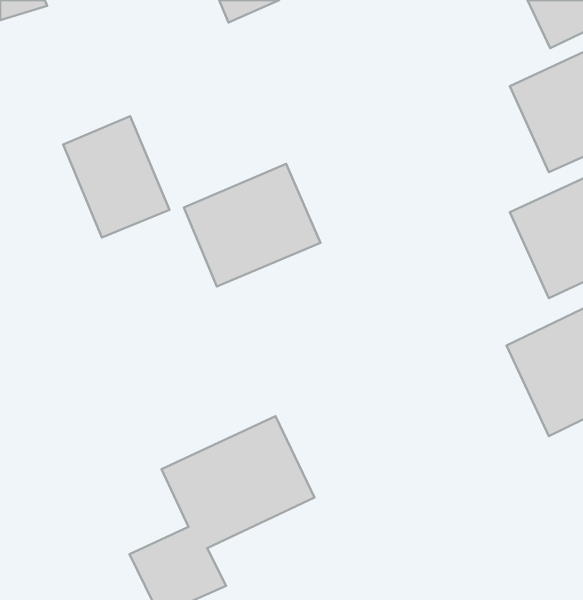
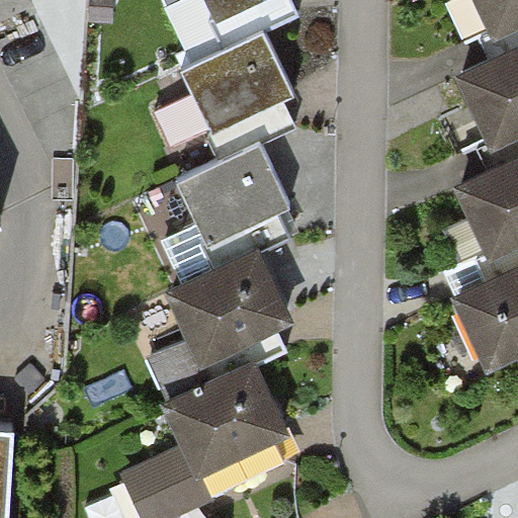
building: none -> [178,31,291,133]
building: [63,116,170,237] -> none
building: none -> [165,249,297,367]

